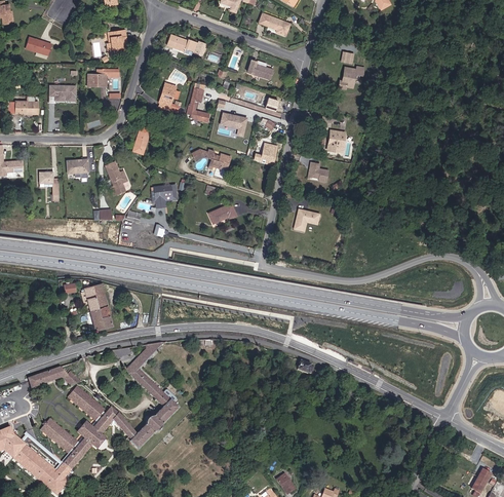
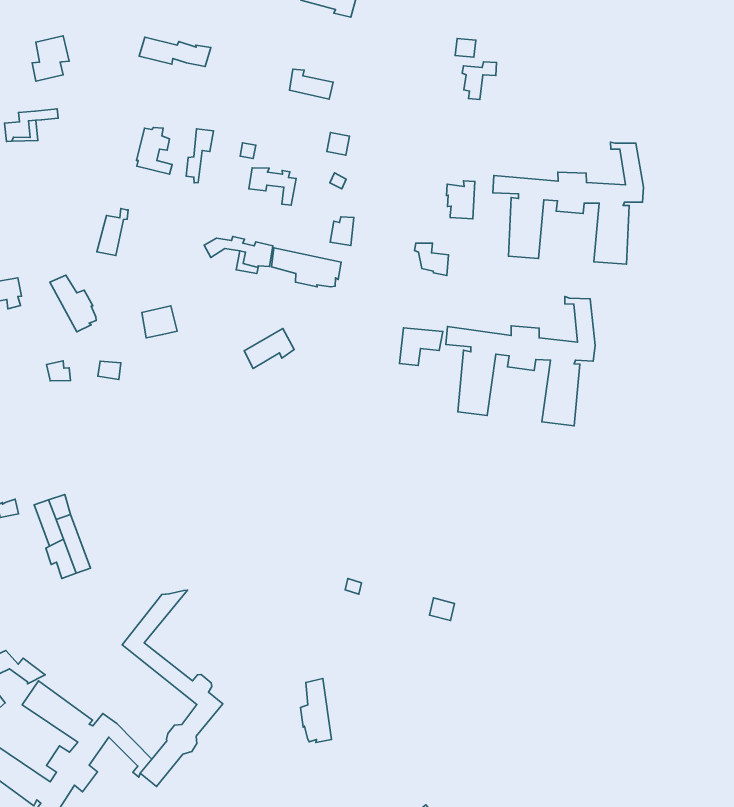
building: none -> [493,142,643,264]
building: none -> [272,248,341,287]
building: none -> [446,297,595,426]
building: none -> [301,678,331,742]

